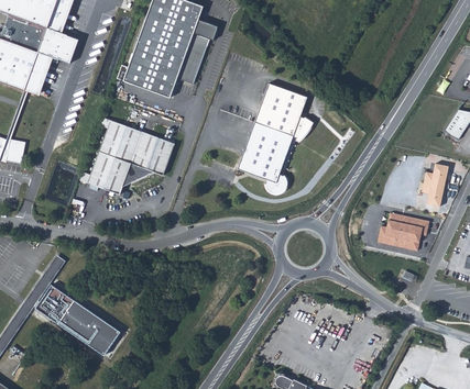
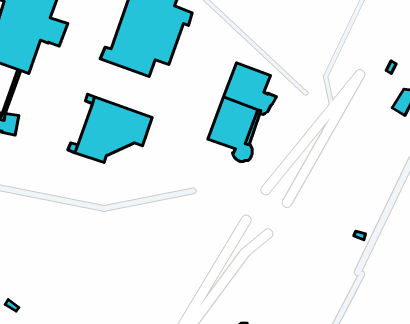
building: [422,164,449,207] -> none
building: [379,213,430,251] -> none
building: [36,285,121,354] -> none

